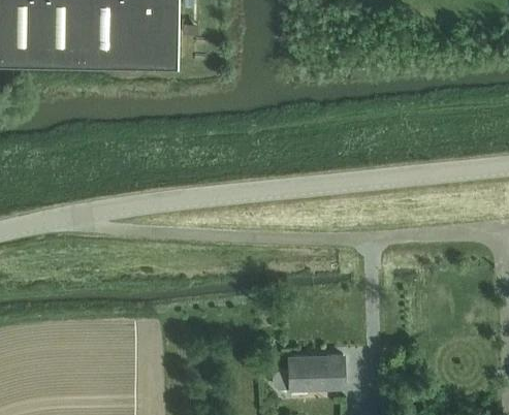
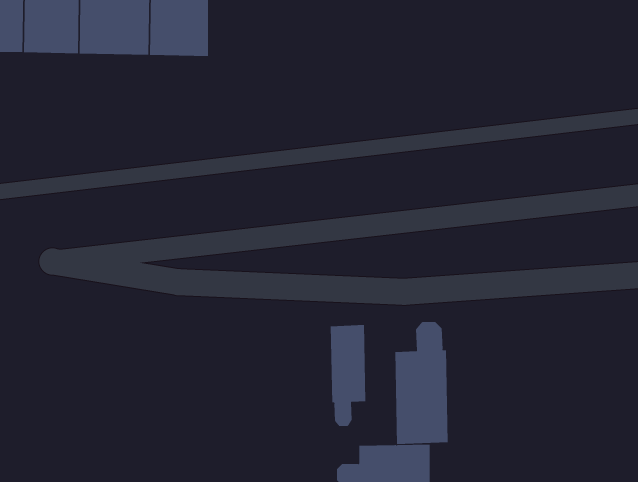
building: none -> [395,321,448,445]
building: none -> [330,324,366,427]

